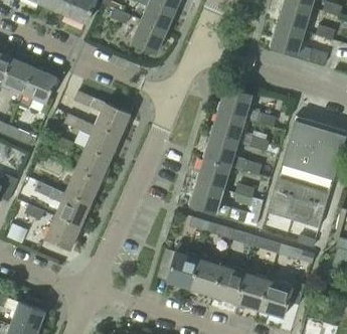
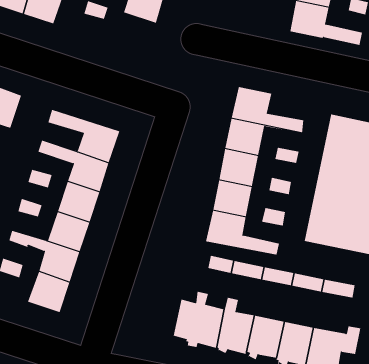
building: [132,20,167,54] -> none

